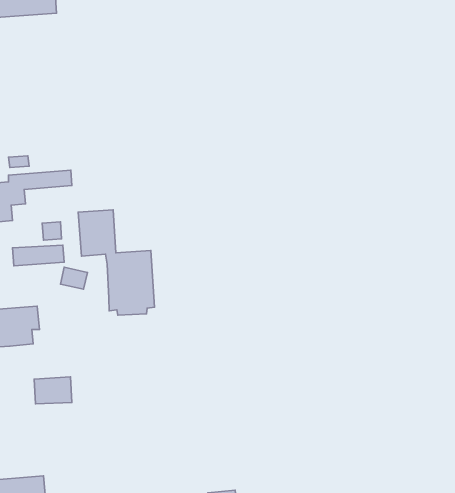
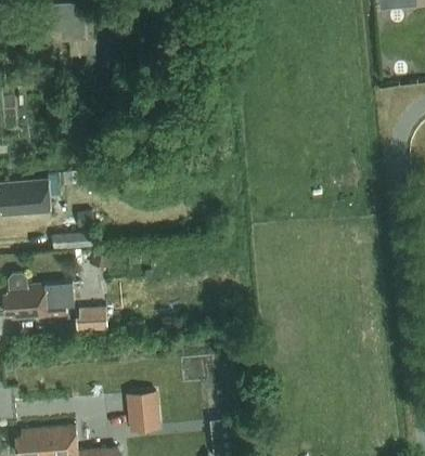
building: [78,210,155,315] -> none
building: [34,377,72,404] -> [73,309,104,331]
building: none -> [133,388,168,429]

